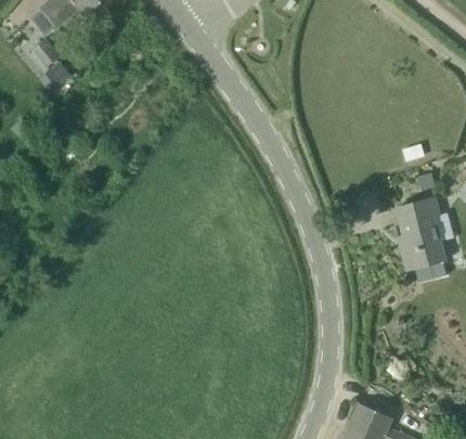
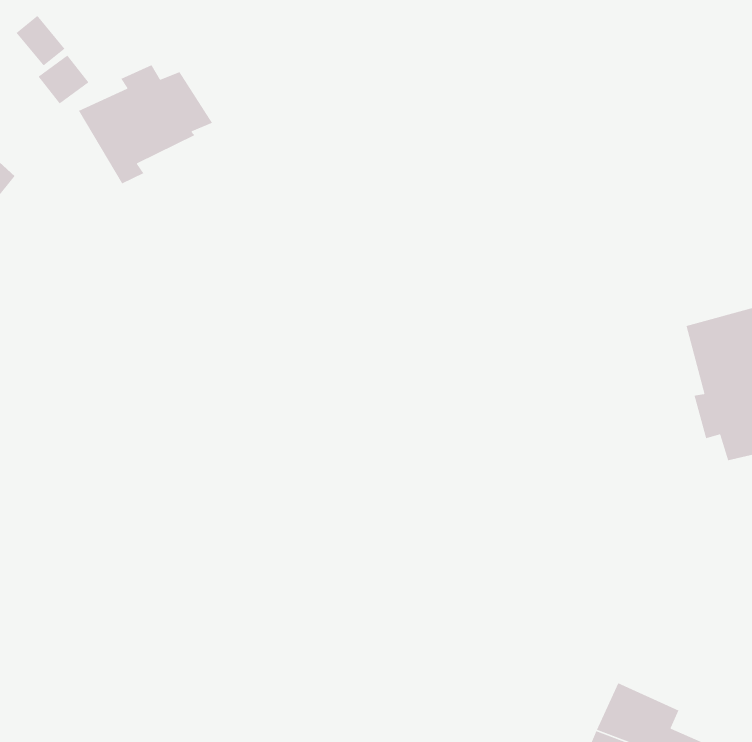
building: none -> [78,64,213,184]

